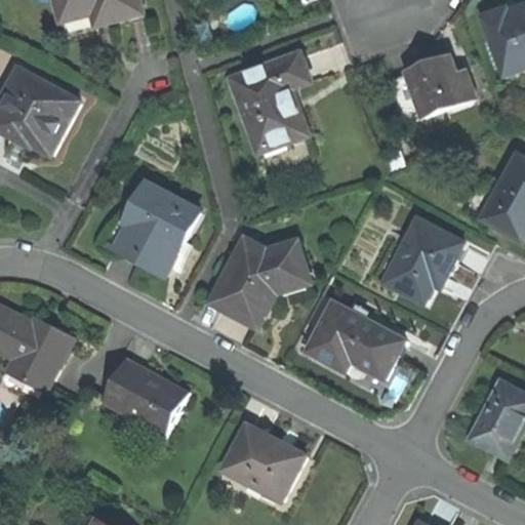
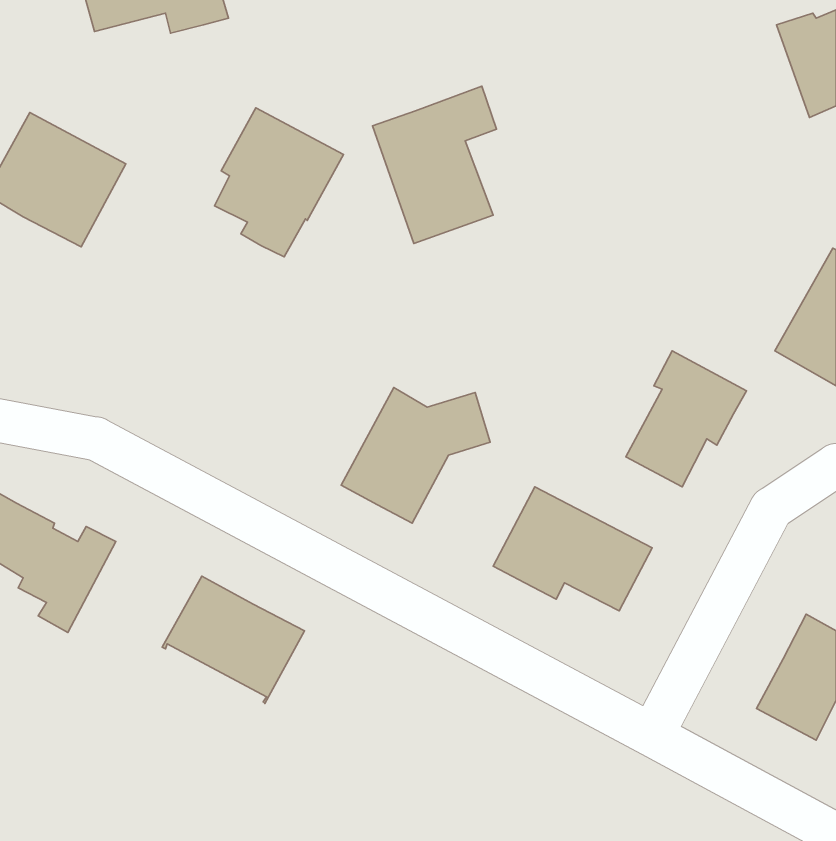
building: [387,56,472,122] -> none
building: [120,183,200,275] -> [214,108,344,257]
building: [221,423,300,499] -> none

